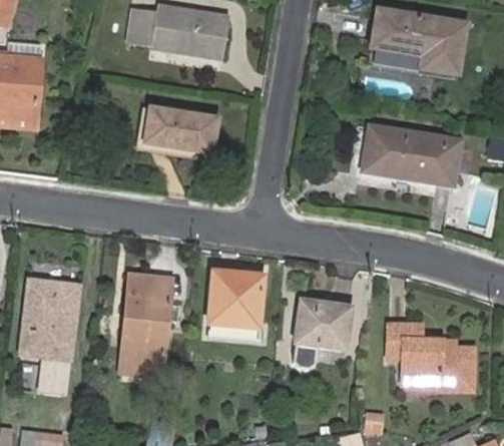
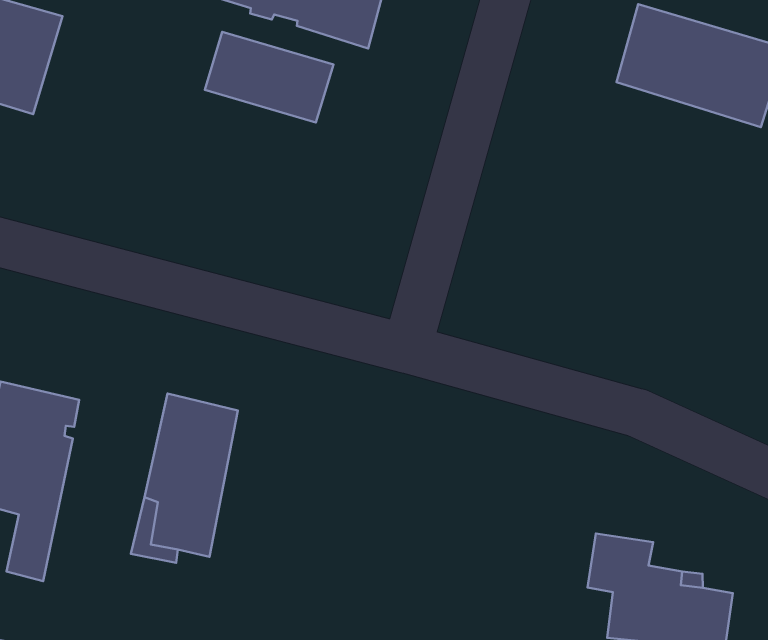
building: [143,107,216,153] -> [205,32,333,122]
building: [362,126,459,185] -> none
building: [206,272,262,327] -> none
building: [292,300,348,367] -> none

